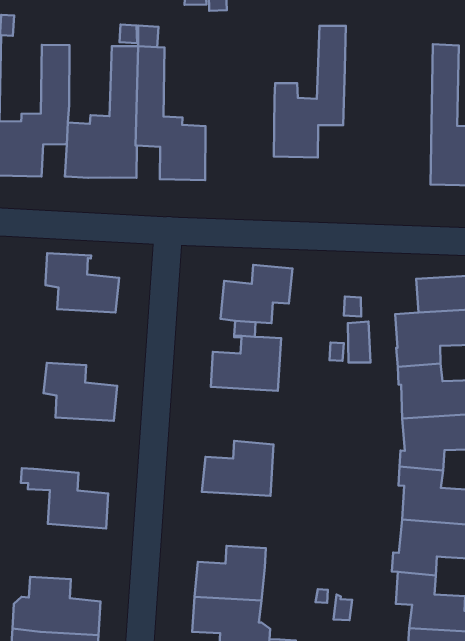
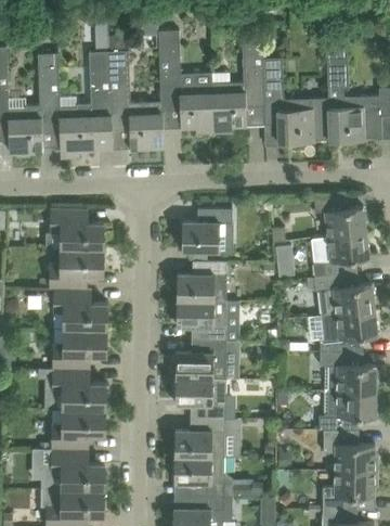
building: none -> [158,31,213,129]
building: none -> [262,60,330,144]
building: none -> [50,251,103,291]
building: none -> [175,302,226,342]
building: none -> [52,331,106,371]
building: none -> [174,380,225,419]
building: none -> [51,410,105,450]

